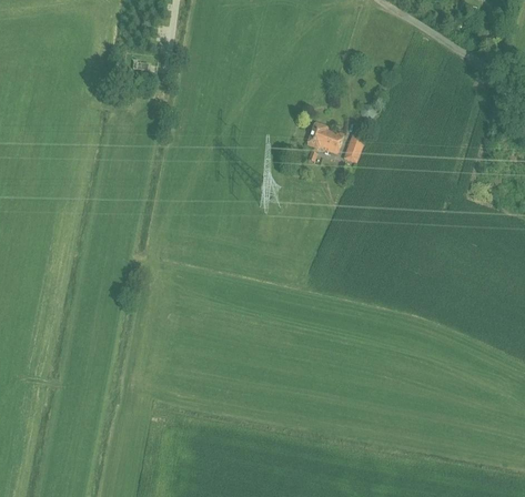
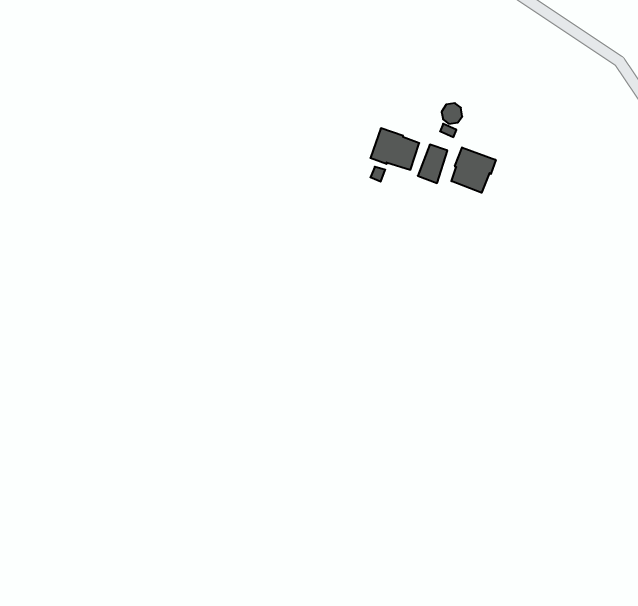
building: none -> [451,147,496,193]

